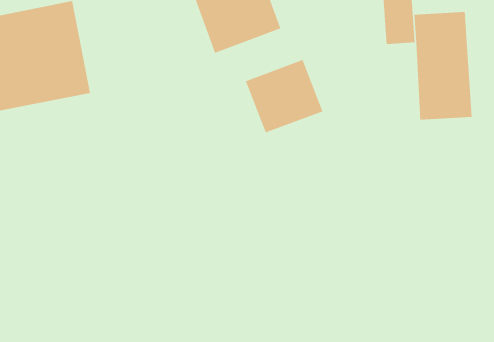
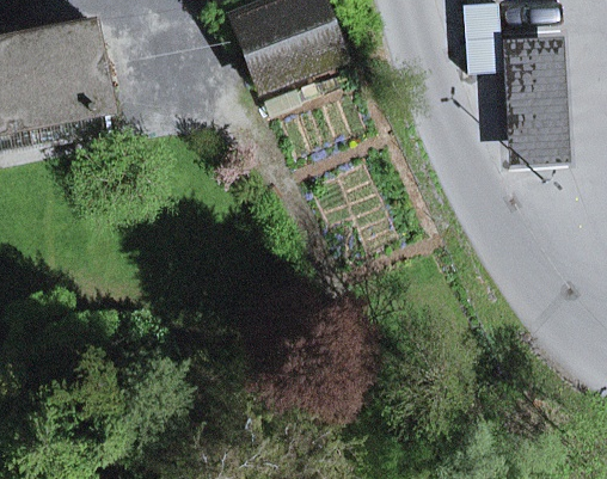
building: [245,59,323,133] -> none

